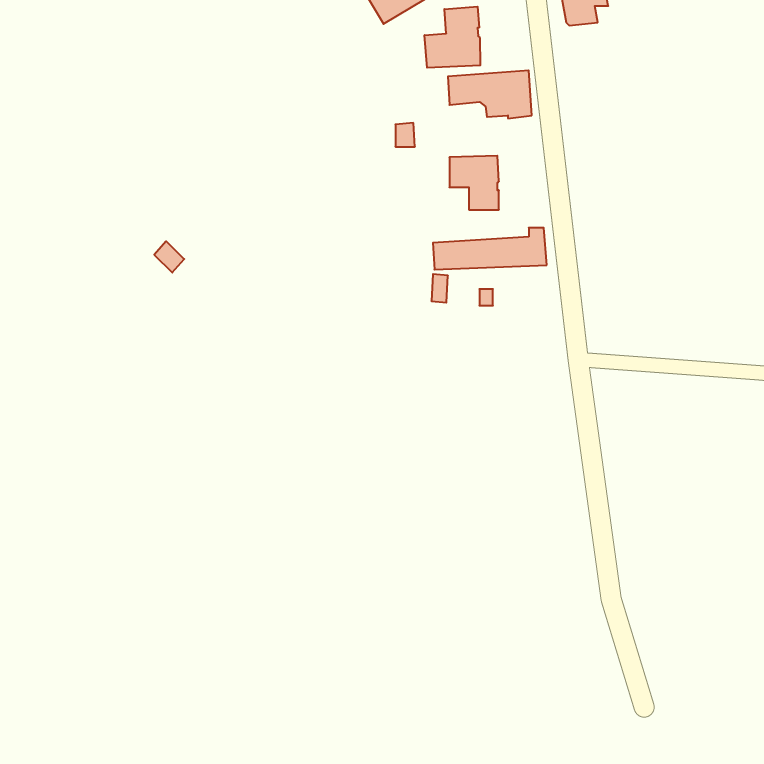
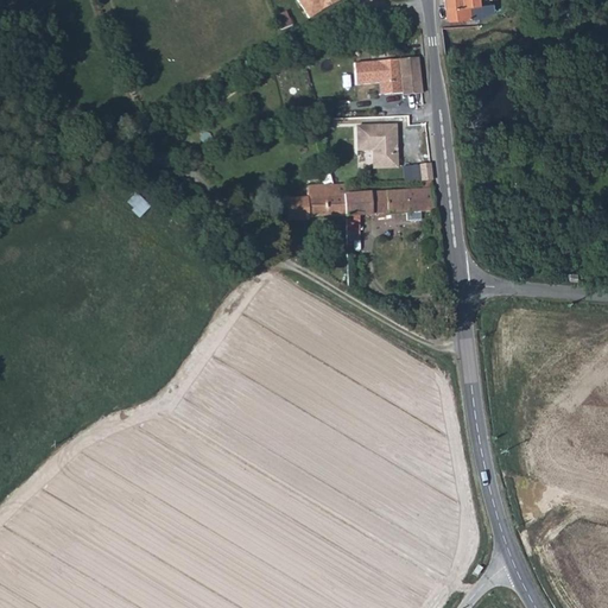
building: [425,7,480,68] -> none
building: none -> [298,183,344,215]

